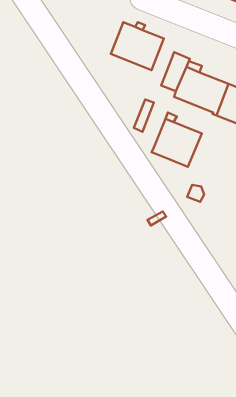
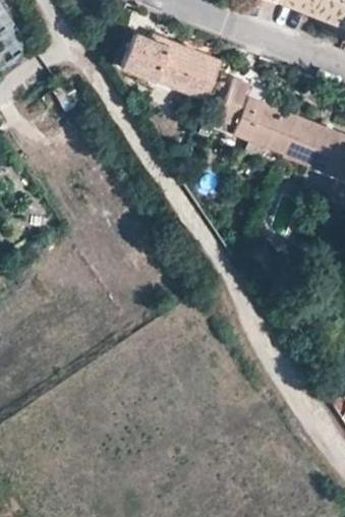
building: none -> [121,34,169,82]
building: [151,119,202,167] -> none

